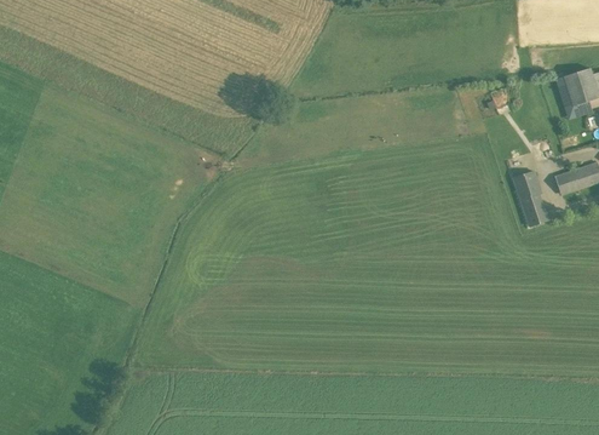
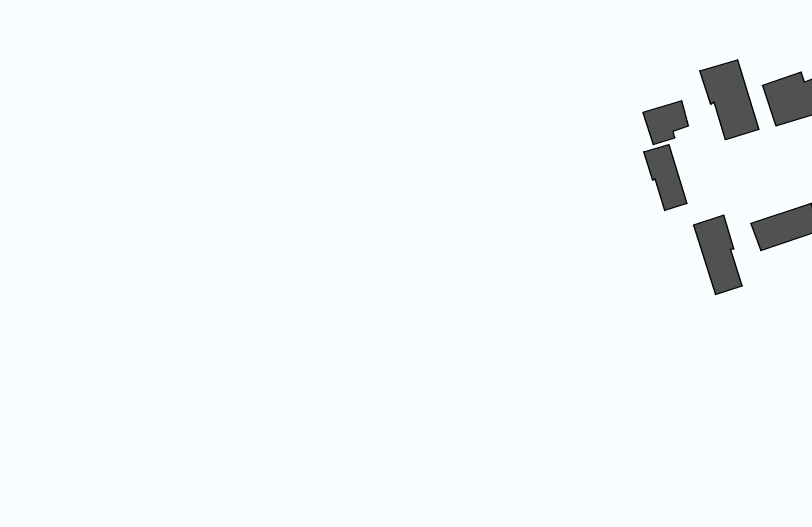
building: none -> [700,60,759,140]
building: none -> [644,145,687,211]

